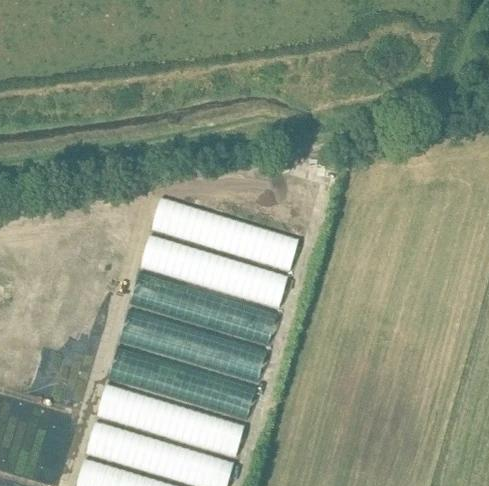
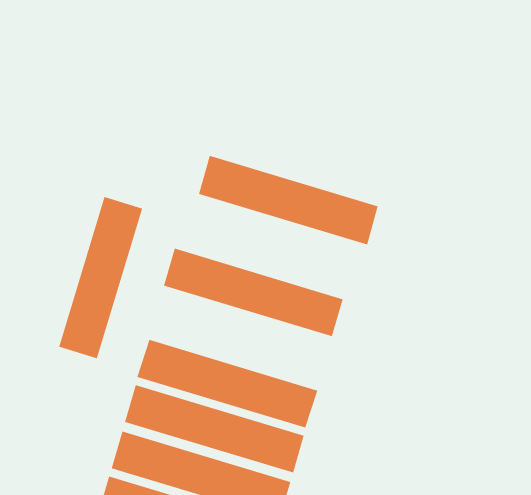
building: none -> [59,196,143,359]
building: [150,198,298,272] -> [198,155,379,245]
building: [128,273,277,346] -> none

